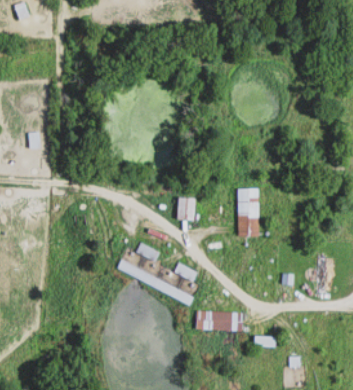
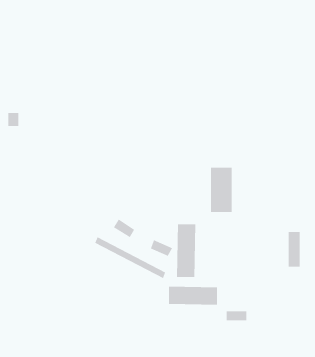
building: [175,198,196,220] -> none
building: none -> [176,224,196,278]

